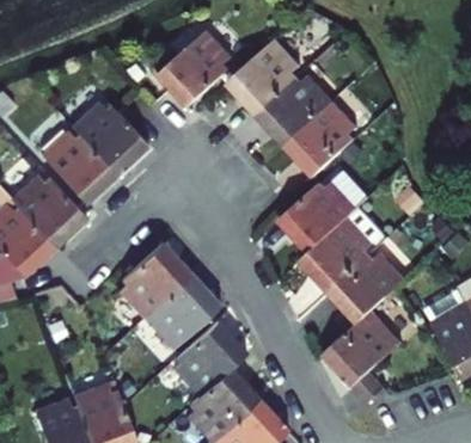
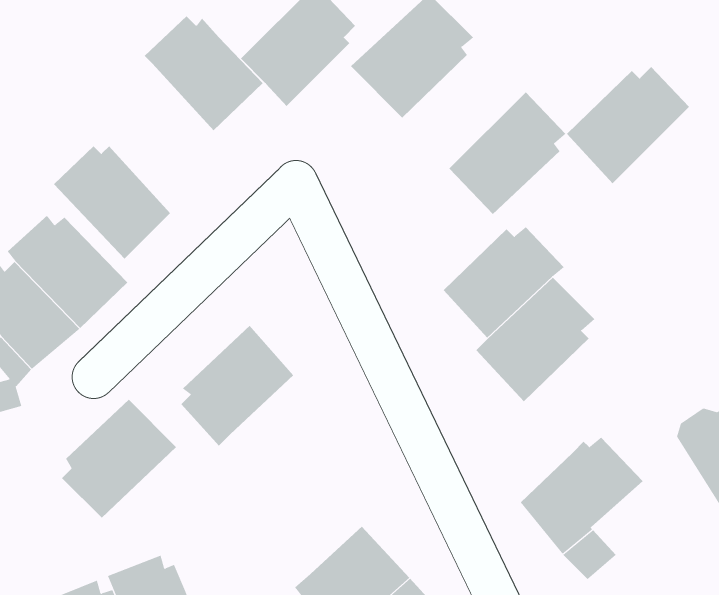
building: [255,74,331,147] -> [566,66,690,184]
building: [68,103,142,174] -> [144,15,264,131]
building: [330,248,408,322] -> none
building: [146,275,218,349] -> [61,399,177,519]
building: [172,320,245,398] -> none

